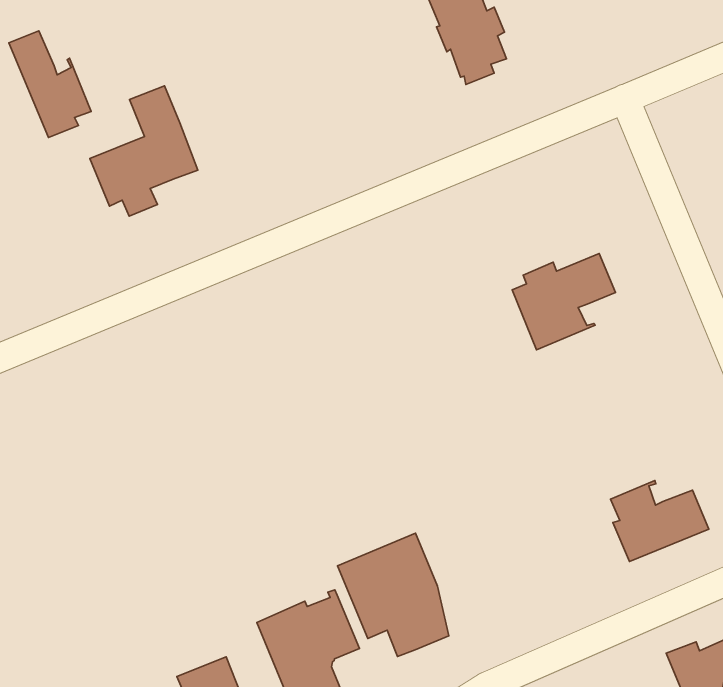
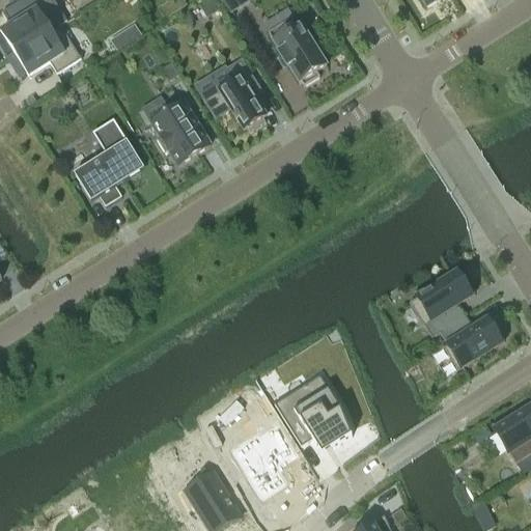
building: none -> [202,55,266,129]
building: [9,31,91,138] -> none
building: none -> [150,99,209,161]
building: [512,254,615,350] -> [409,267,474,334]

